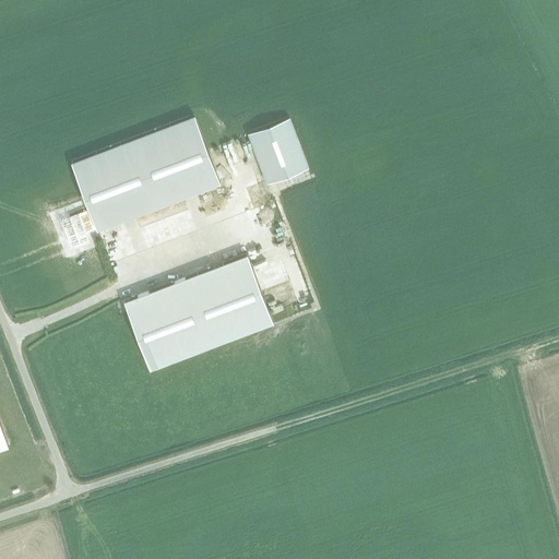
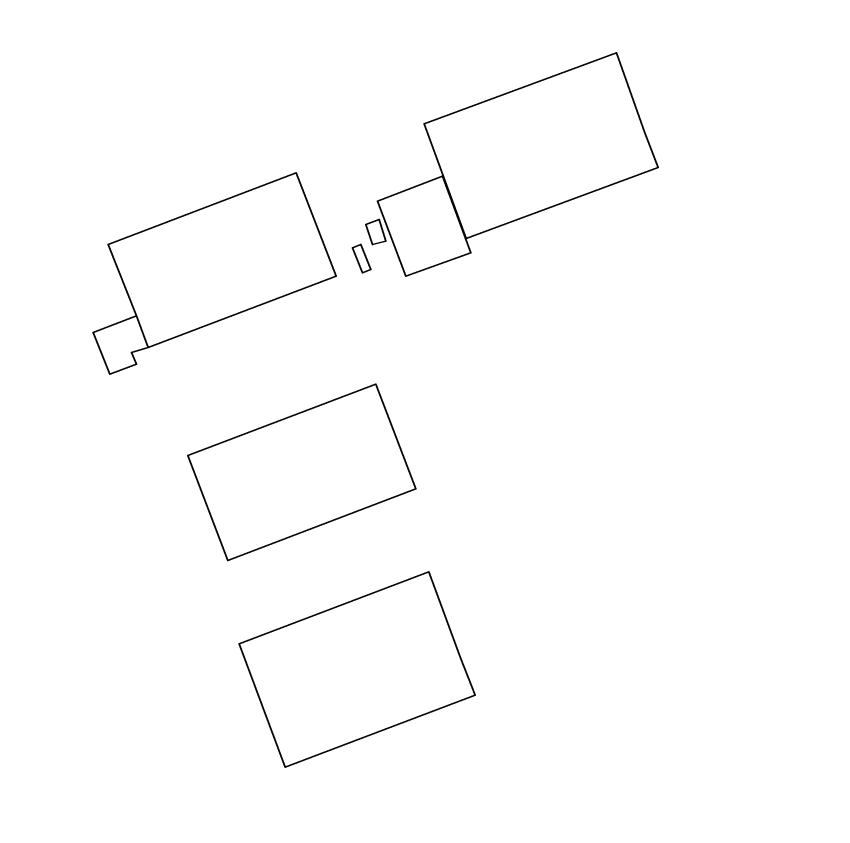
building: none -> [424,53,658,238]
building: none -> [239,572,475,767]

